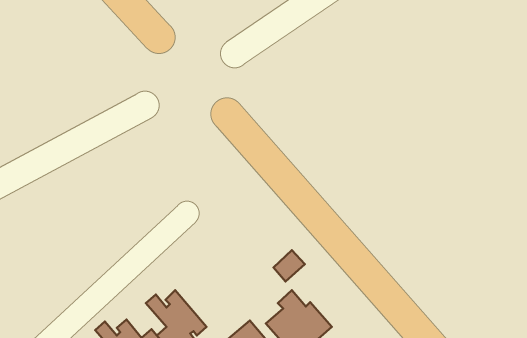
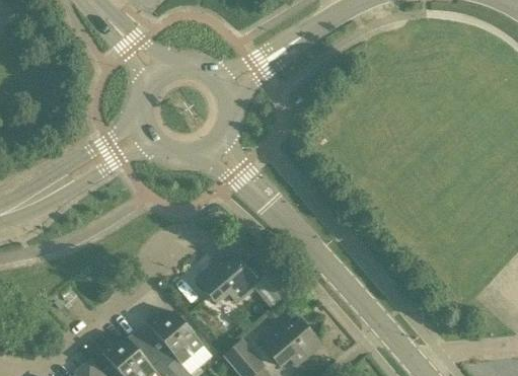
building: none -> [195,258,258,303]

